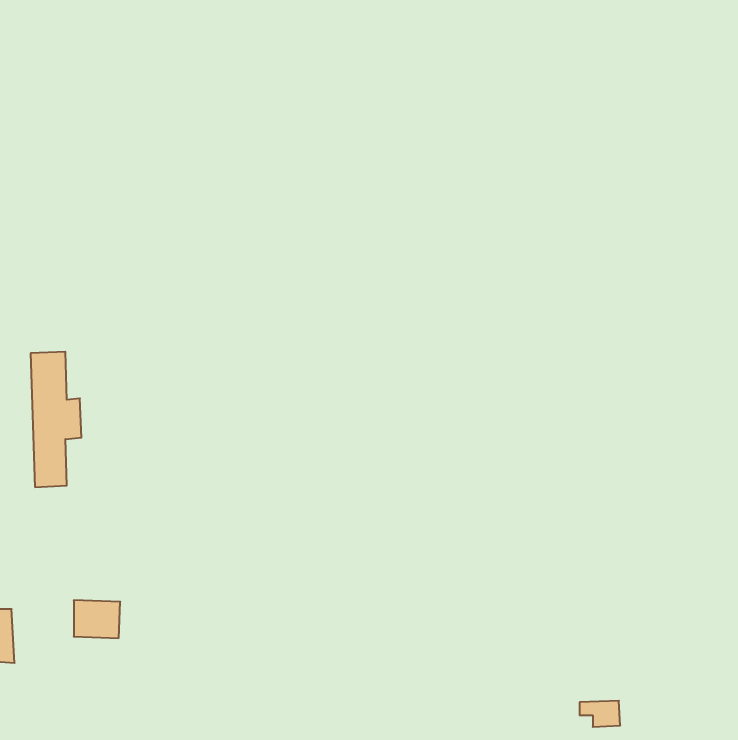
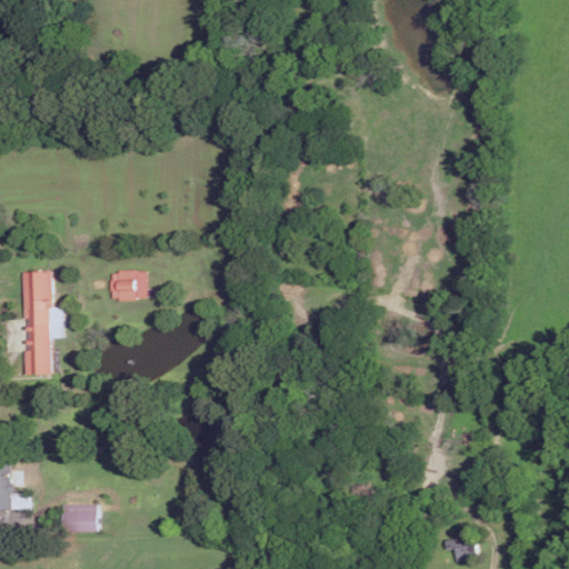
building: none -> [109,271,144,299]
building: [74,600,120,638] -> [61,503,97,532]

